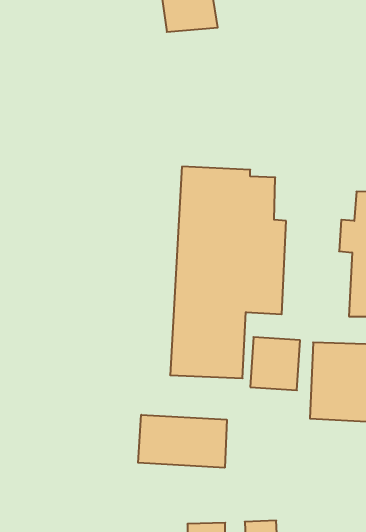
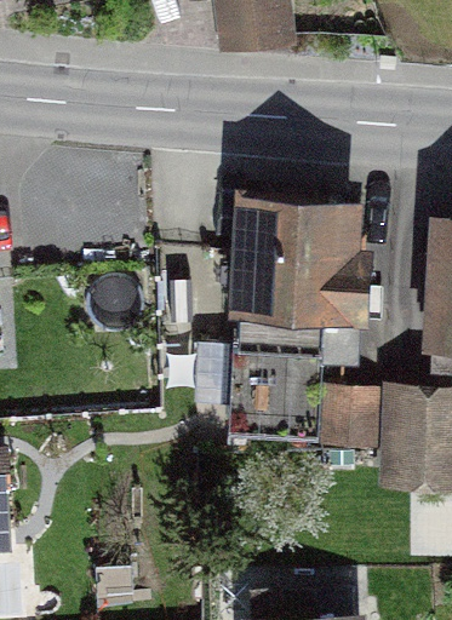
building: [138,415,227,468] -> none

